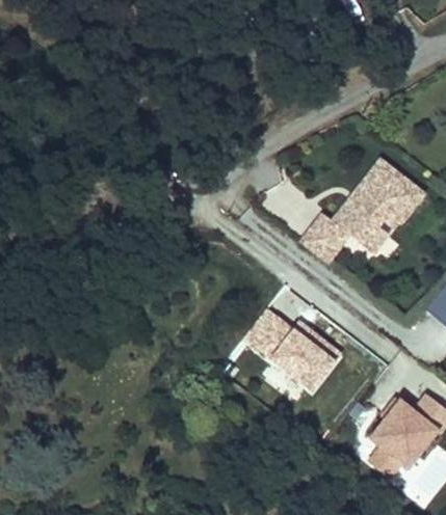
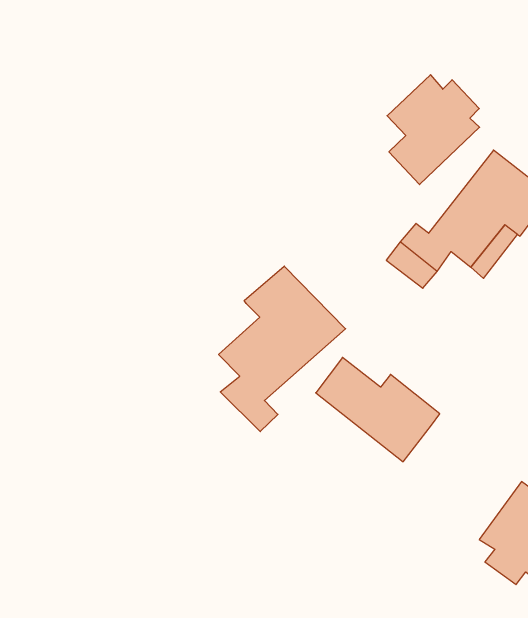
building: none -> [387,75,480,185]
building: none -> [219,266,346,432]

